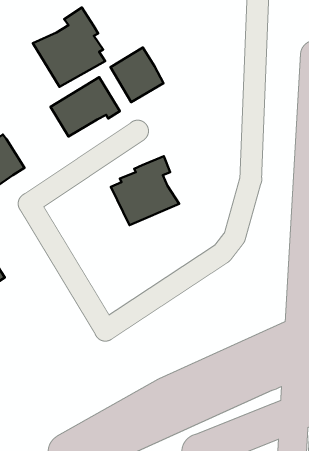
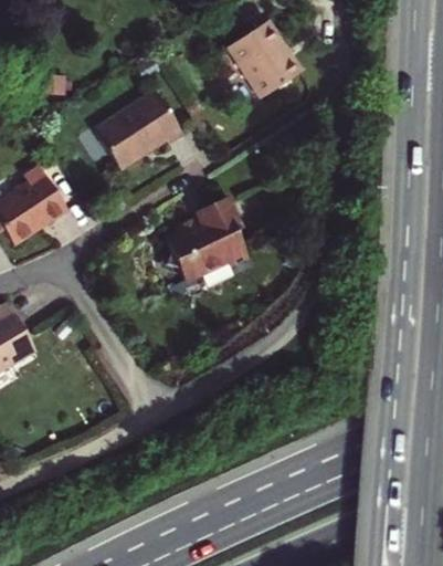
building: [33,8,105,87] -> none
building: [111,47,164,102] -> [233,23,298,91]

